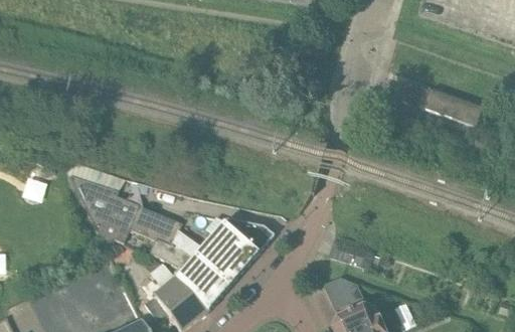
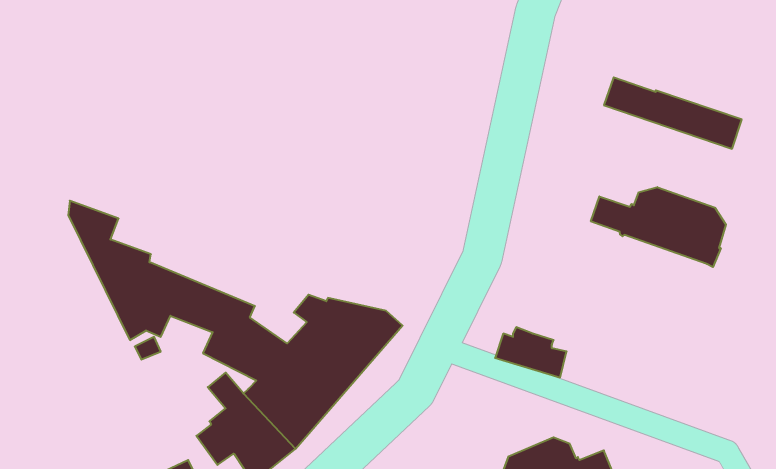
building: none -> [591,187,726,267]
building: [324,277,364,310] -> none

